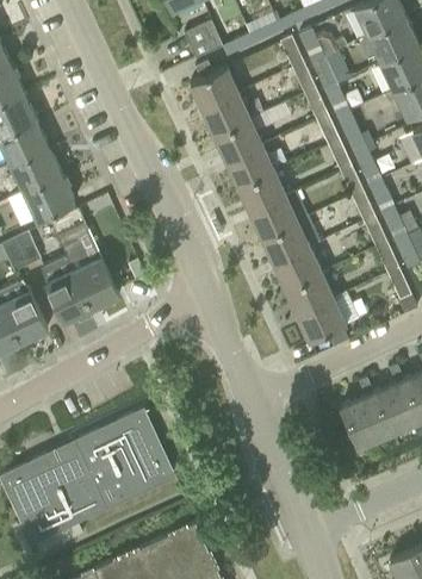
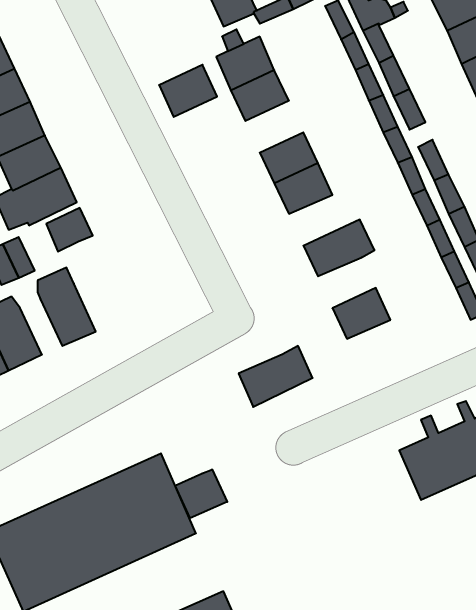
building: [215,120,262,163] -> [159,65,217,117]
building: [250,192,309,239] -> none
building: [61,236,119,310] -> none
building: [274,249,322,291] -> none
building: [298,293,359,343] -> [239,346,313,407]
building: none -> [175,469,227,518]

